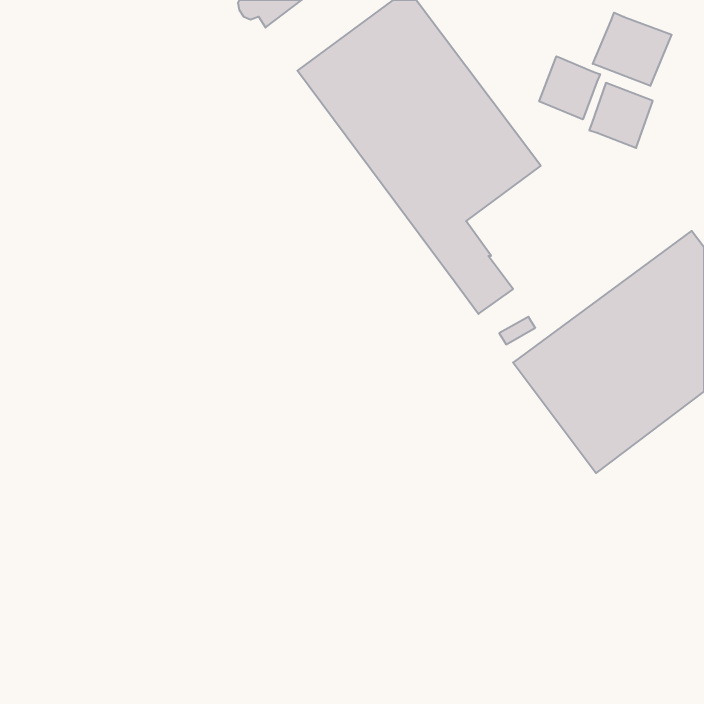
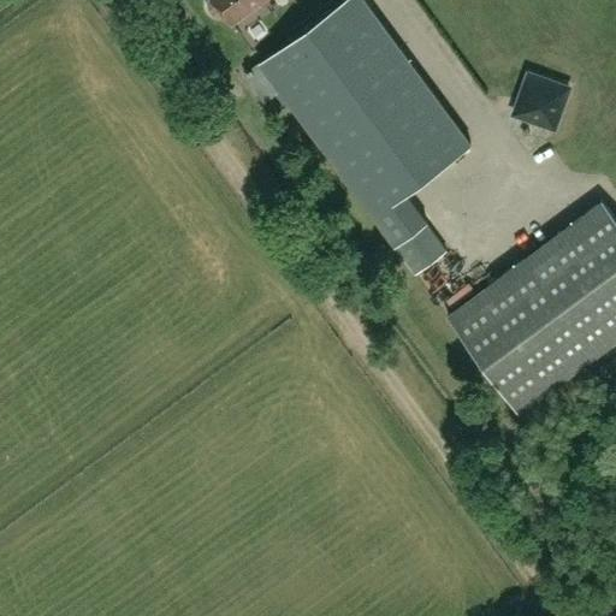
building: [593,13,672,86] -> none
building: [539,56,600,119] -> none

